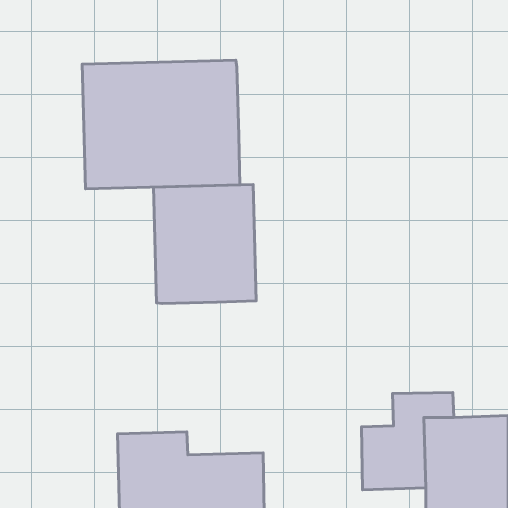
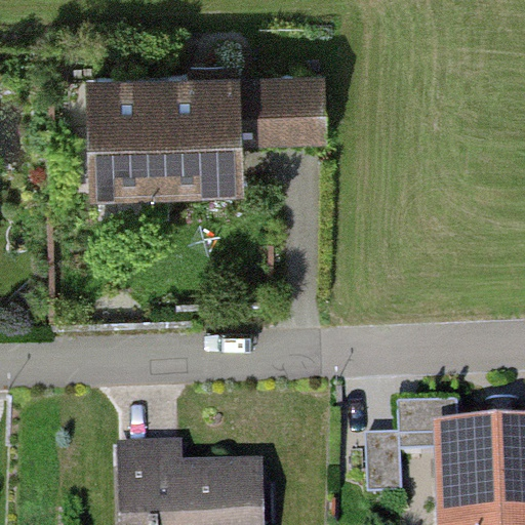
building: none -> [242,71,330,144]
building: [154,184,256,303] -> none

